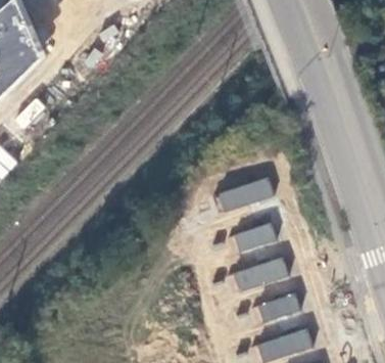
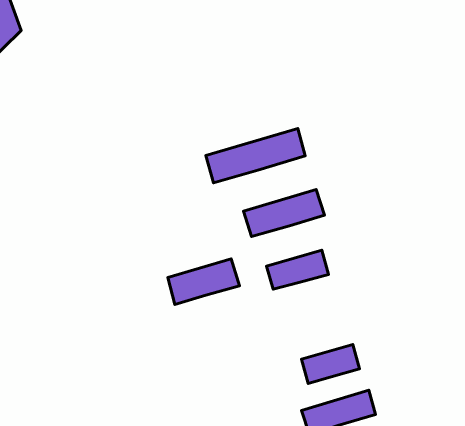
building: none -> [206,128,305,183]
building: [233,257,287,291] -> [168,259,239,305]

